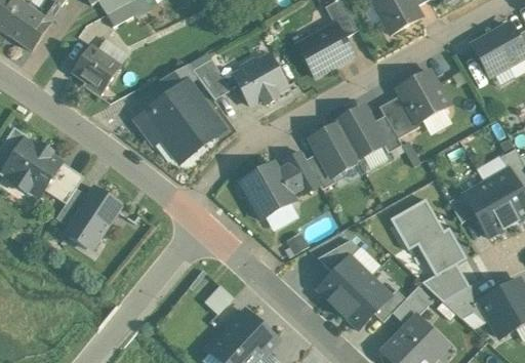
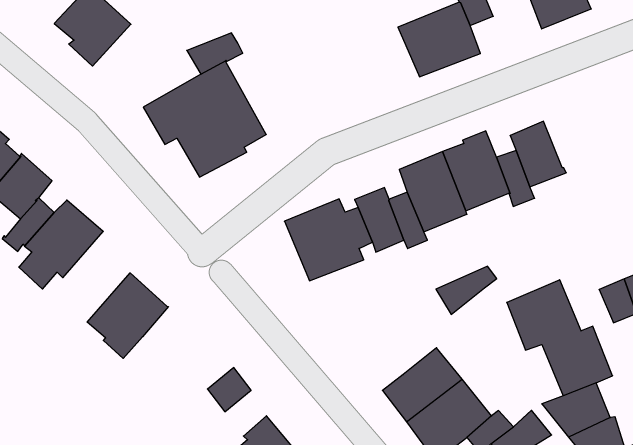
building: [233,55,286,106] -> none
building: [193,58,230,99] -> none
building: [397,70,449,123] -> none
building: none -> [87,273,168,358]
building: [318,238,357,273] -> [436,266,497,314]

